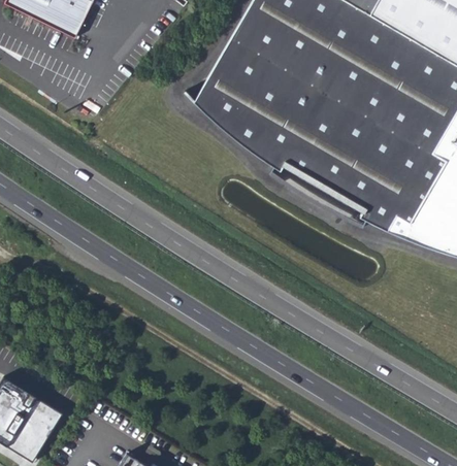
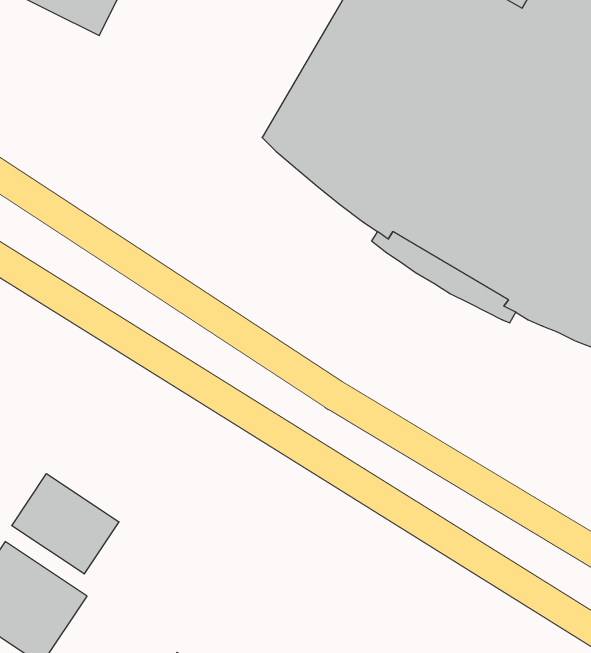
building: none -> [12,474,119,574]

